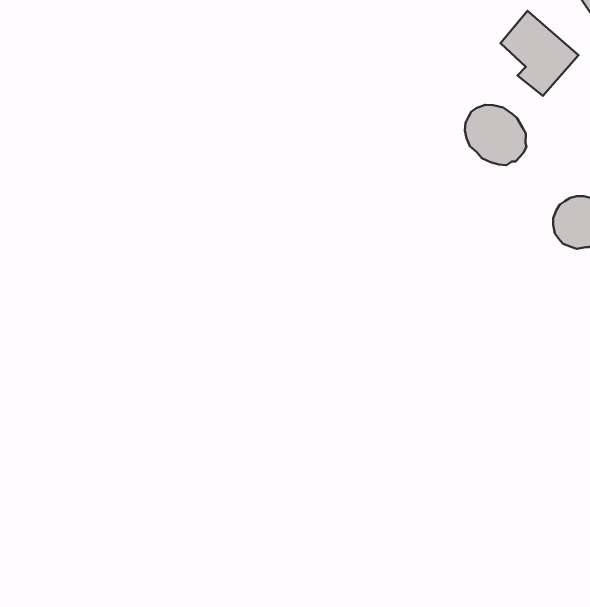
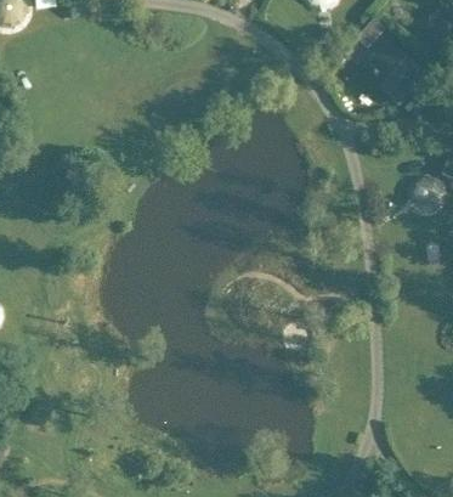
building: [465,105,526,165] -> none

